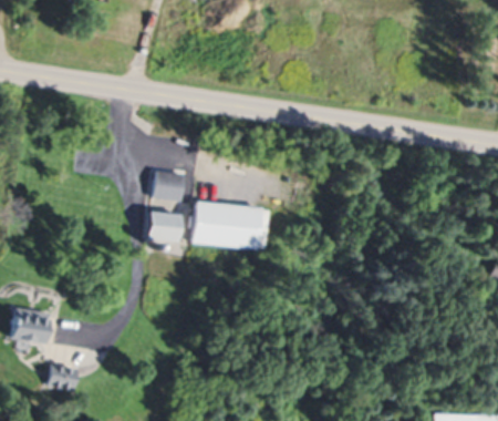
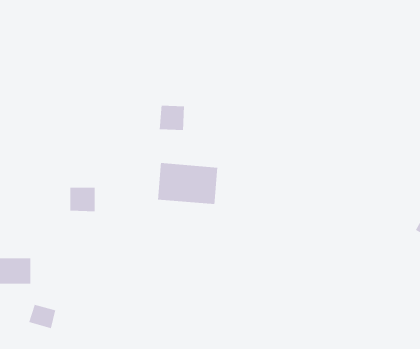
building: [154,171,184,201] -> [159,105,185,131]
building: [151,212,180,240] -> [69,187,96,212]

